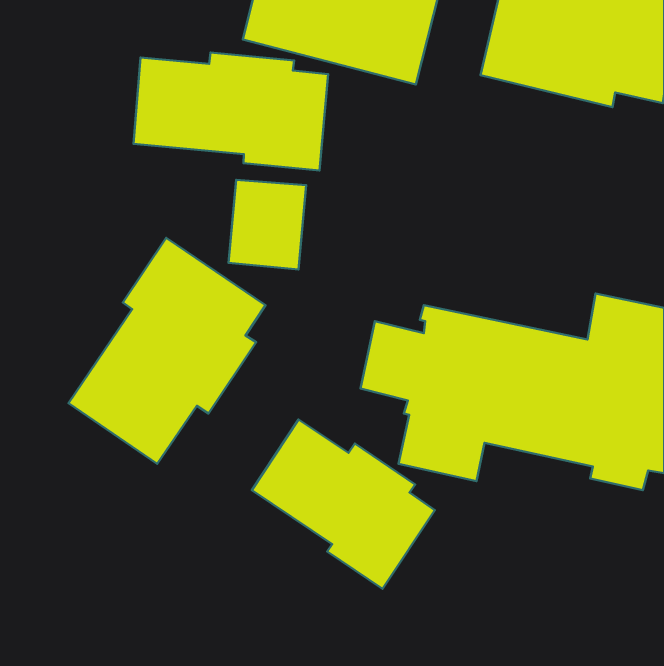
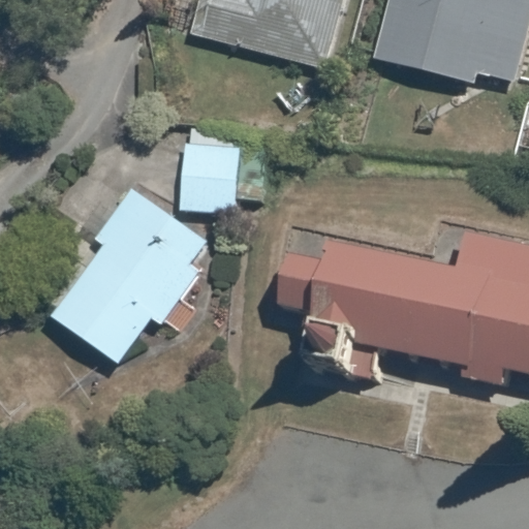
building: [133,52,328,170] -> none
building: [252,420,435,589] -> none

